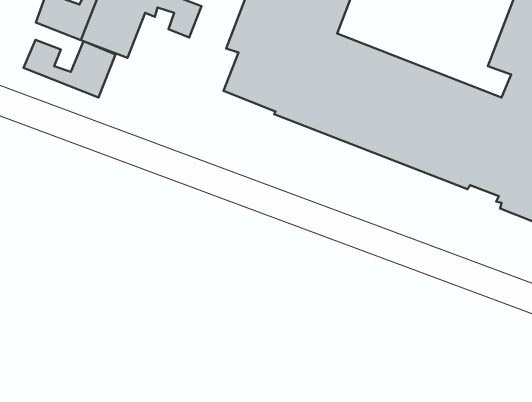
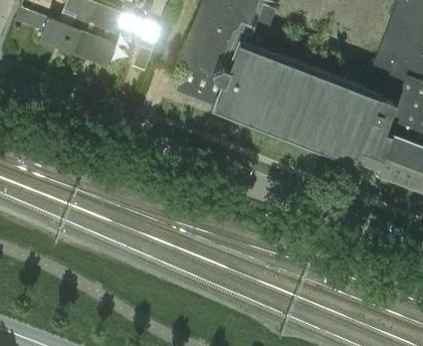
building: [23,40,115,97] -> none

